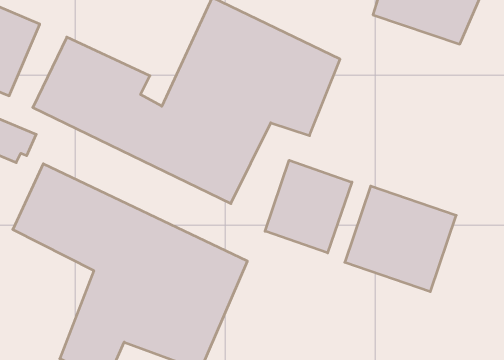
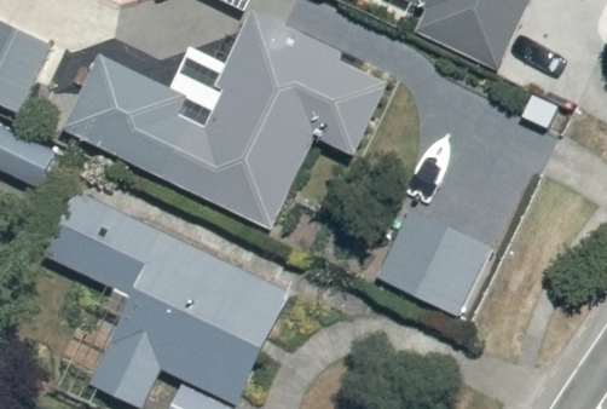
building: [265,160,352,253] -> none

